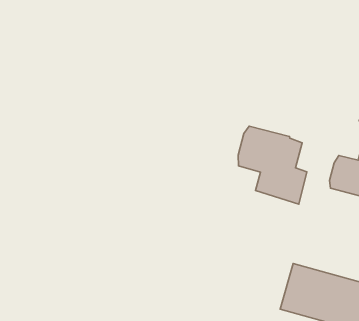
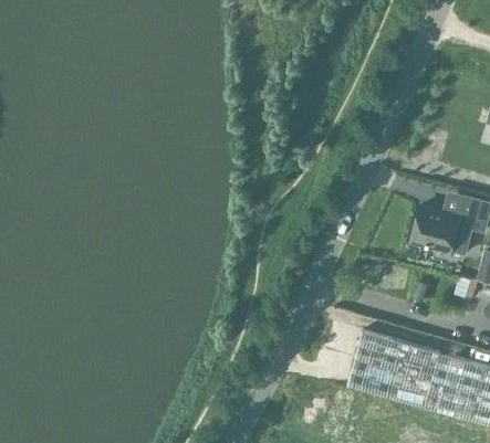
building: [238,126,307,204] -> none

